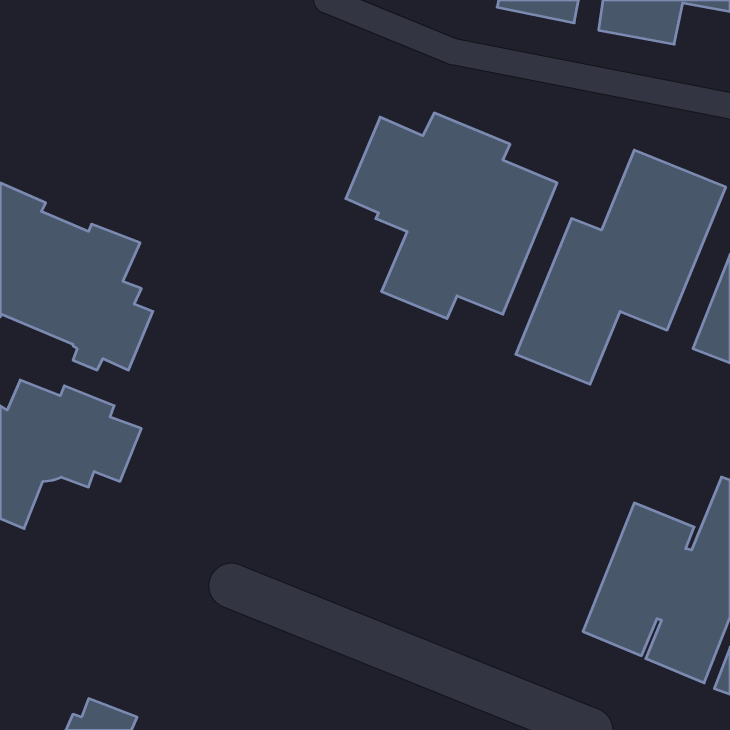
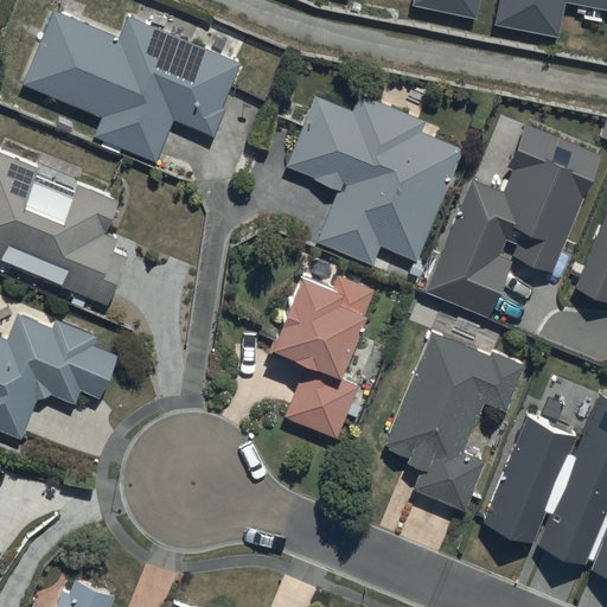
building: none -> [23,11,239,162]
building: none -> [273,277,373,437]
building: none -> [383,334,523,511]

